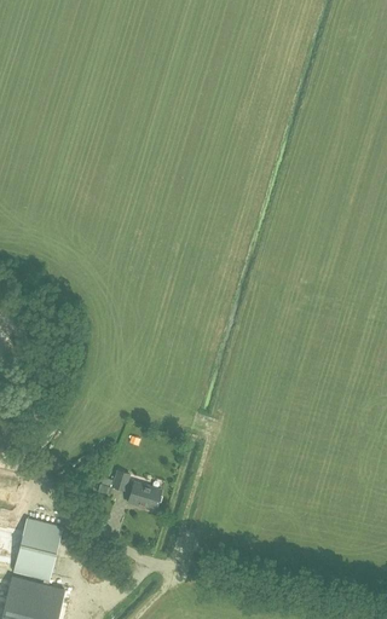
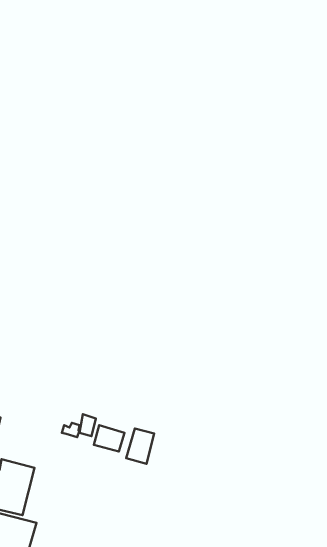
building: none -> [126,429,154,464]

